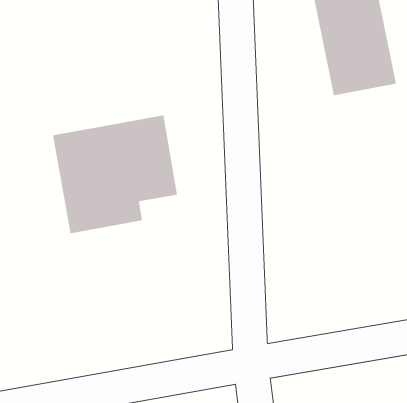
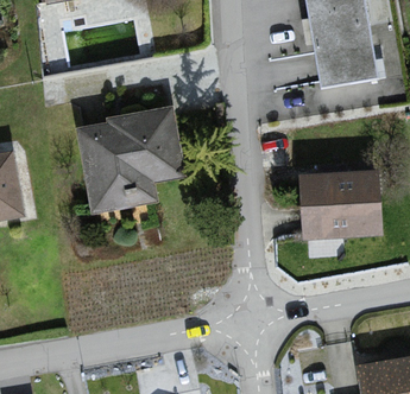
building: none -> [299,171,381,237]

